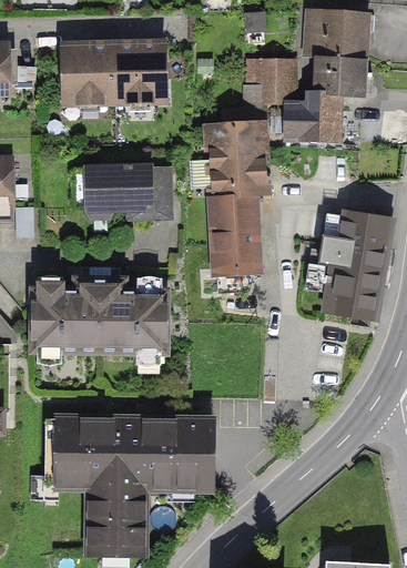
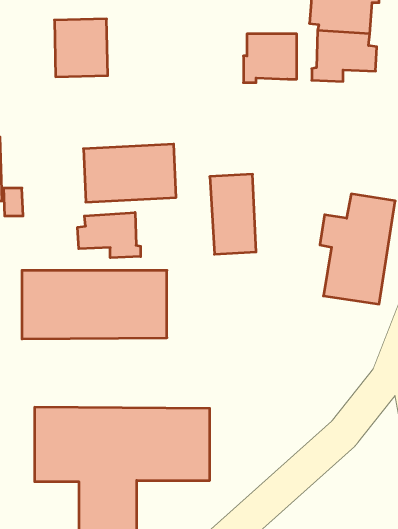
building: [113,43,164,100] -> none
building: [285,103,339,140] -> none
building: [207,108,265,196] -> none
building: none -> [78,212,141,258]

